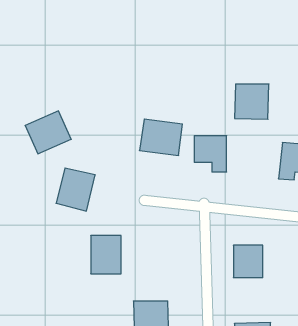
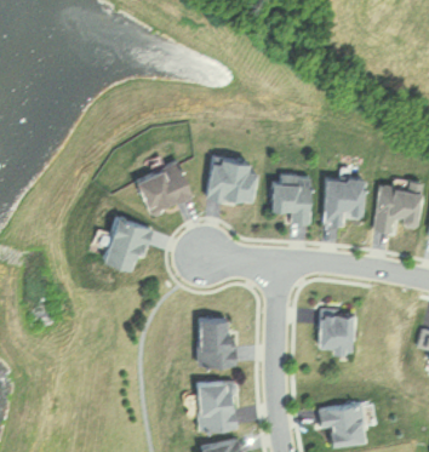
building: [235,84,269,119] -> [322,177,365,221]
building: [25,111,71,154] -> [132,160,189,213]
building: [91,236,121,274] -> [198,319,235,366]

